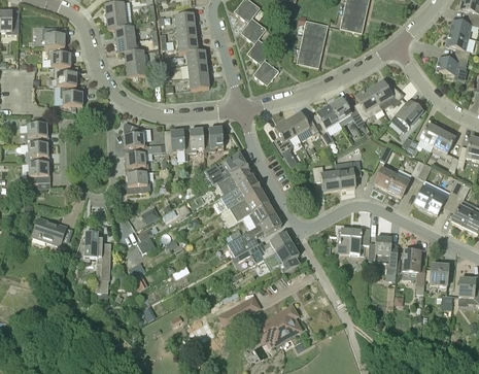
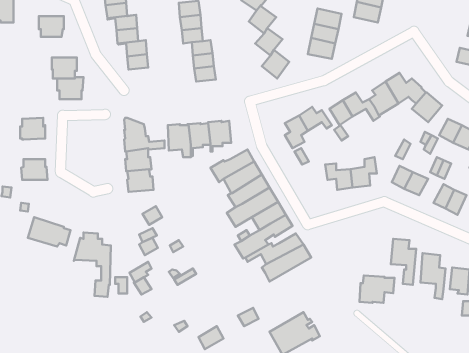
building: [48,46,72,66] -> none
building: [26,142,49,162] -> none
building: [337,228,370,253] -> [359,276,394,303]

